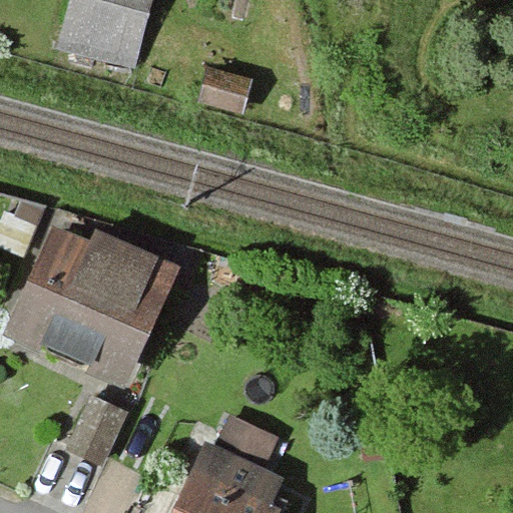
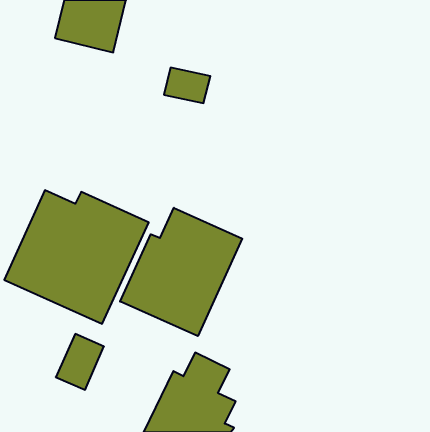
building: none -> [120,208,242,336]

